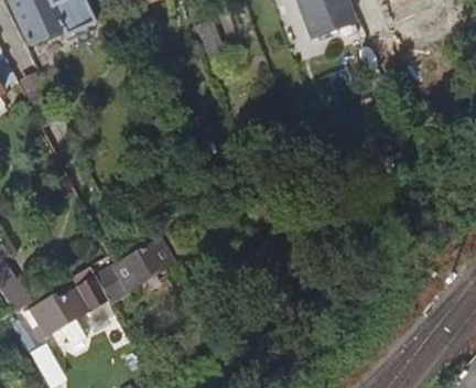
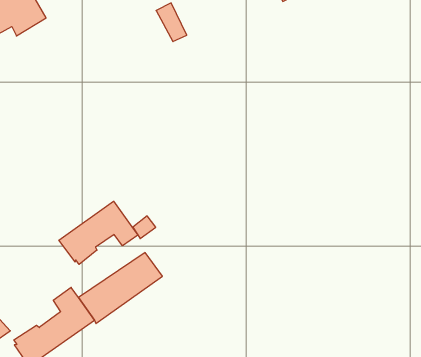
building: none -> [59,201,138,264]

